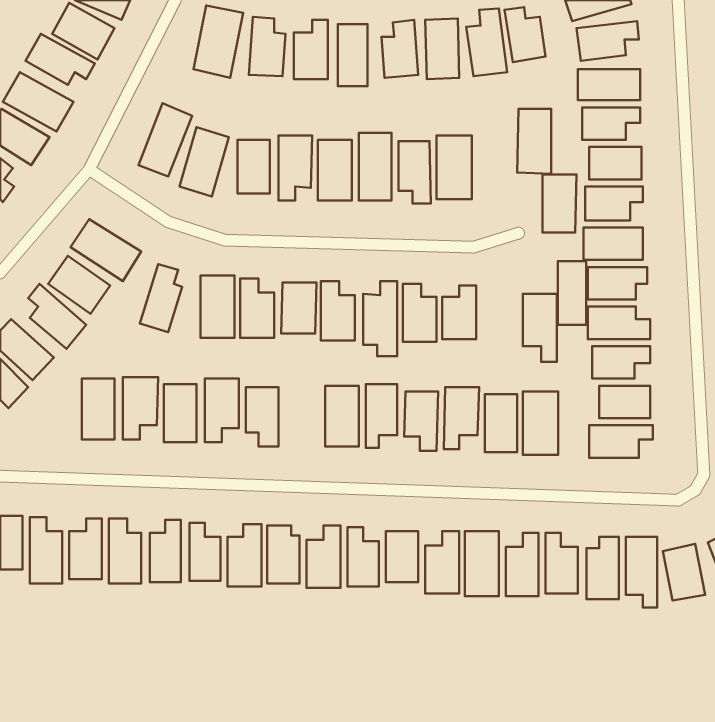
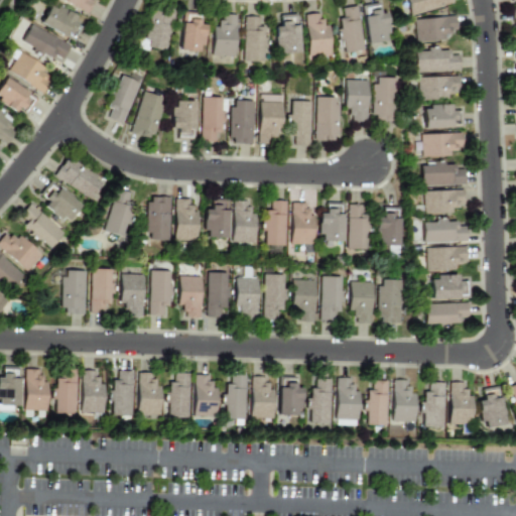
building: [543,174,576,232] -> [347,80,371,121]
building: [558,261,586,325] -> [349,204,369,249]
building: none -> [209,272,230,317]

